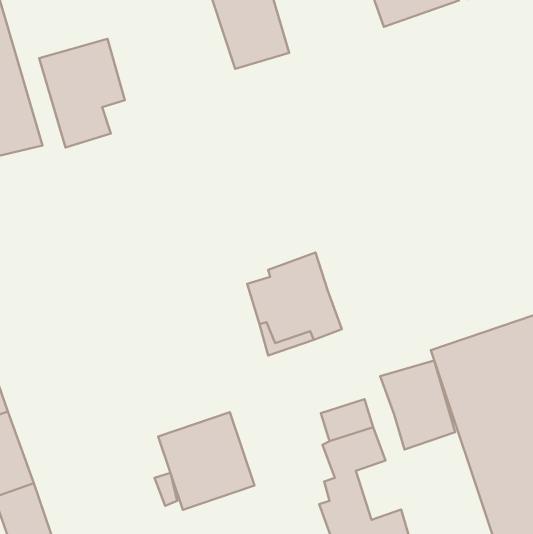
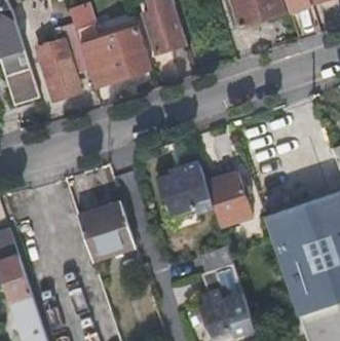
building: none -> [74,25,147,82]
building: [380,360,455,450] -> [205,174,250,226]
building: [158,412,254,510] -> [79,202,136,260]

